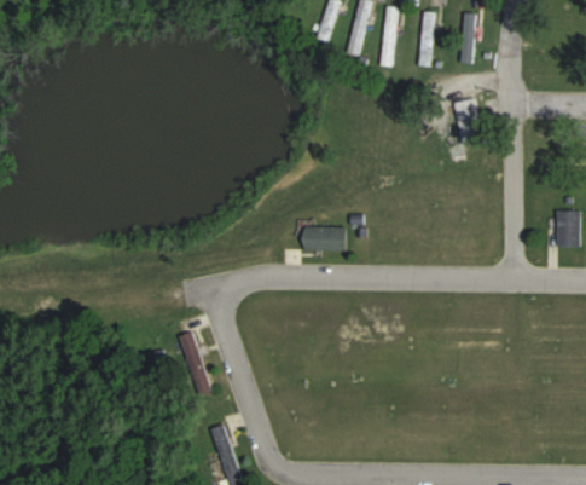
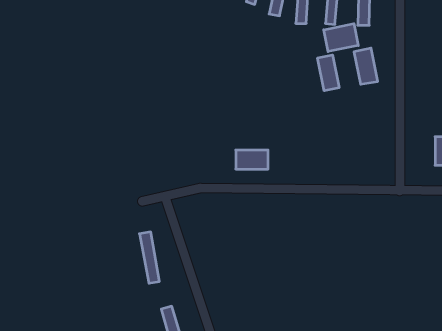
building: none -> [324,24,358,52]
building: none -> [318,55,339,91]

